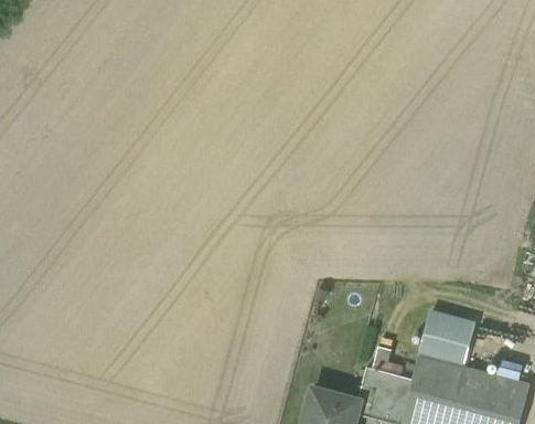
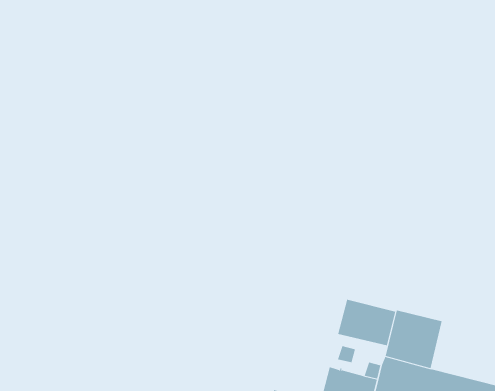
building: none -> [338,299,396,346]

